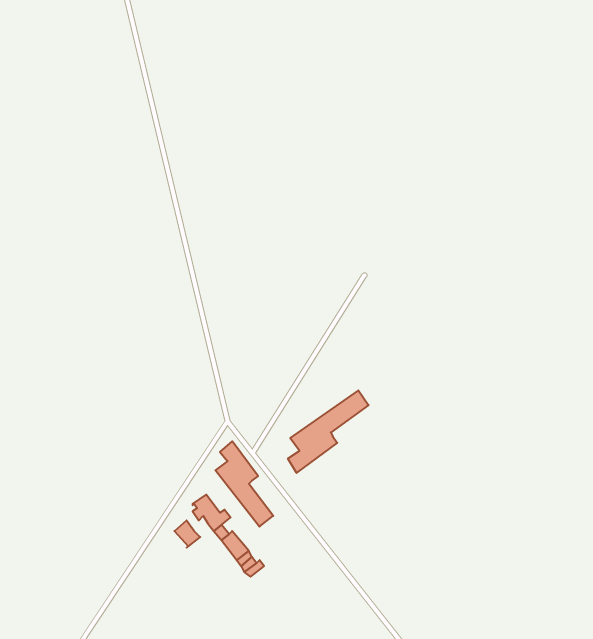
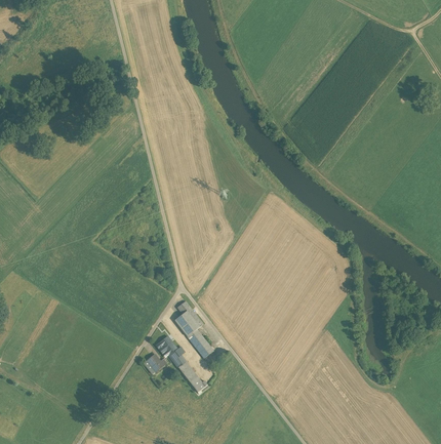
building: [288,390,369,473] -> none

